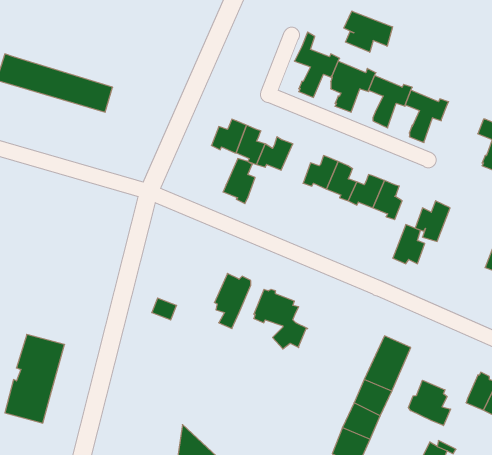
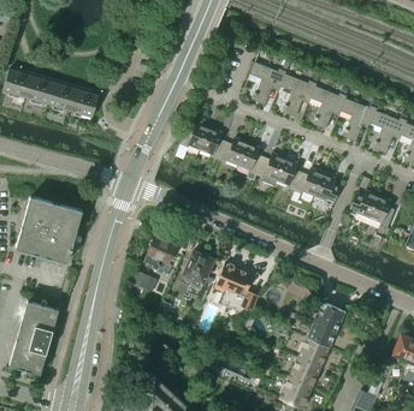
building: [344,11,393,52] -> none
building: none -> [371,111,407,154]
building: [223,159,255,204] -> [236,143,262,180]
building: none -> [16,196,83,262]
building: [393,225,425,264] -> [367,196,394,228]
building: none -> [144,236,177,270]
building: [409,380,451,426] -> none

